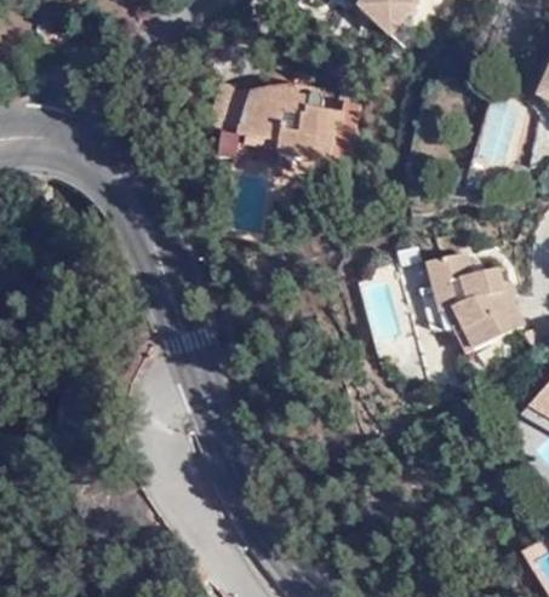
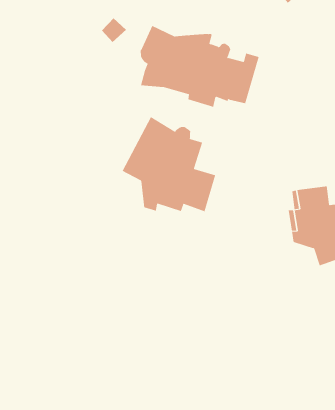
building: none -> [122,116,216,212]

